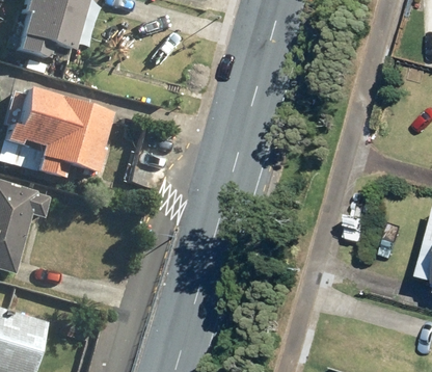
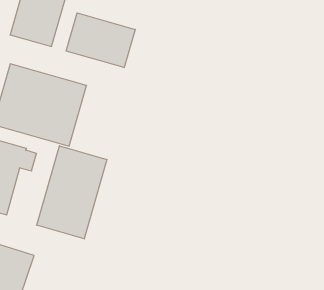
building: none -> [66,13,135,68]
building: none -> [37,146,107,239]

